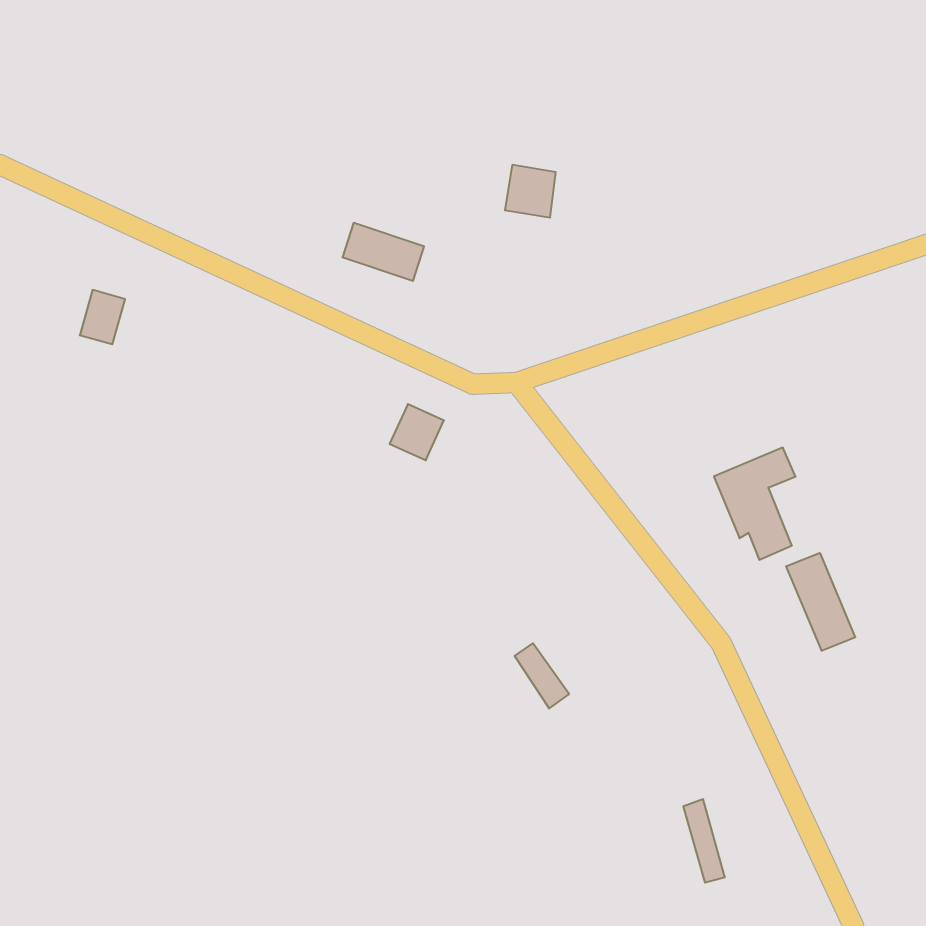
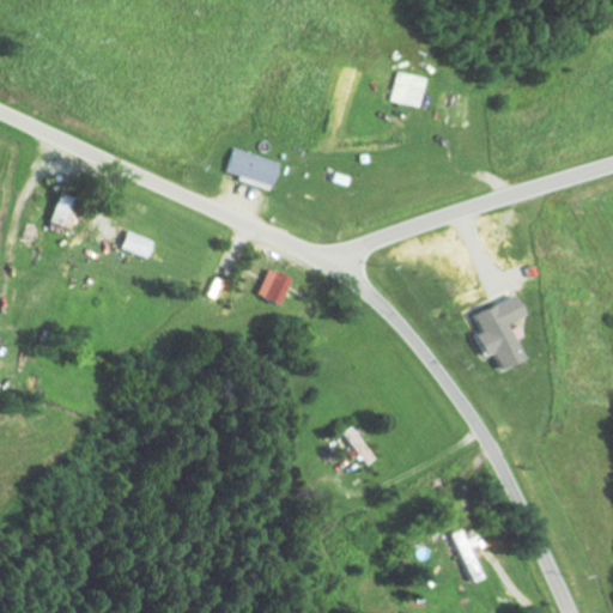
building: [505,165,556,217] -> [389,72,423,107]
building: none -> [122,232,154,259]
building: [786,553,855,651] -> none

